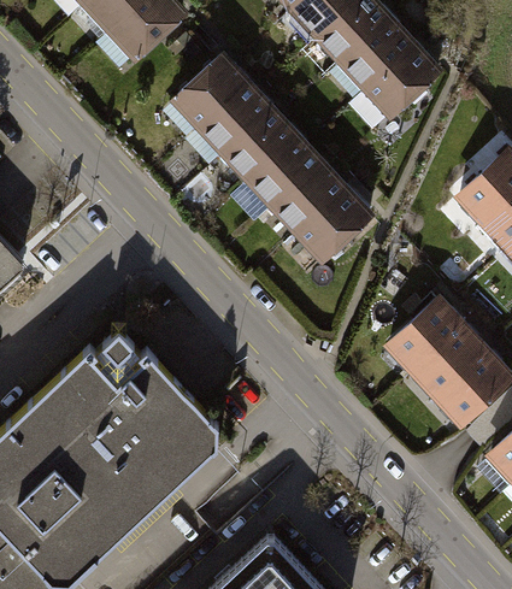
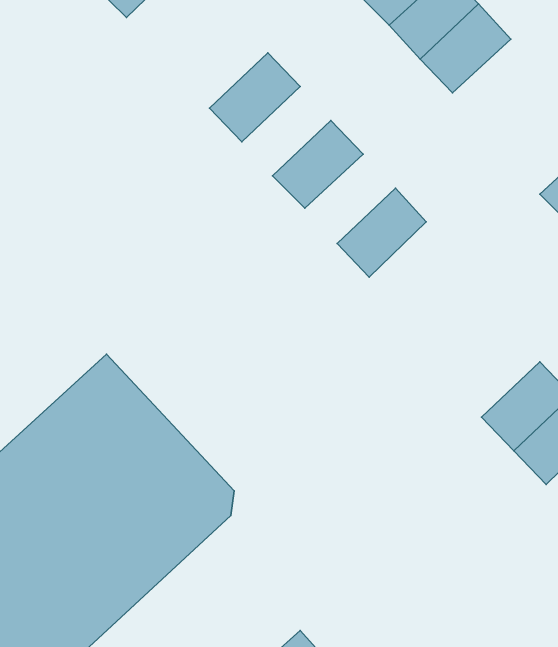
building: [176,58,247,128] -> none
building: [226,111,296,181] -> none
building: [276,164,347,234] -> none
building: [389,300,460,370] -> none

